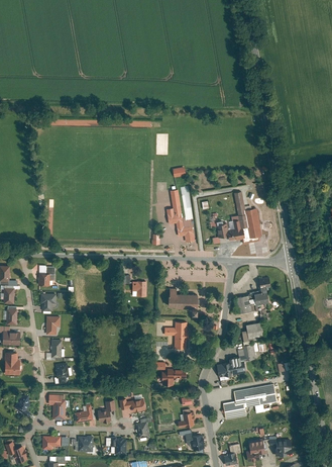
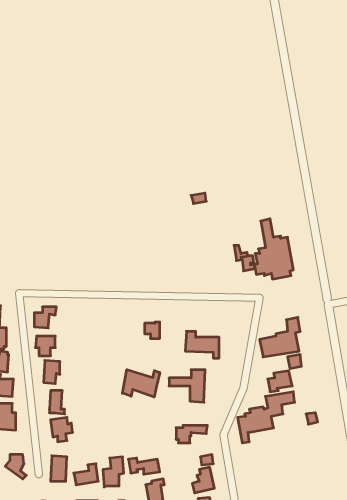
building: [167,188,195,242] -> none
building: none -> [122,370,160,397]
building: [224,384,279,419] -> none

